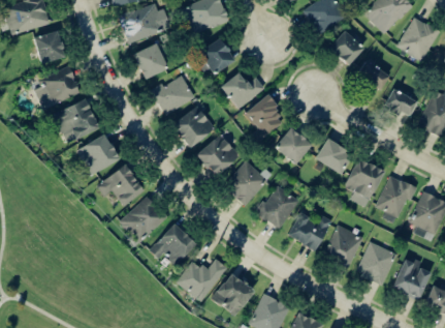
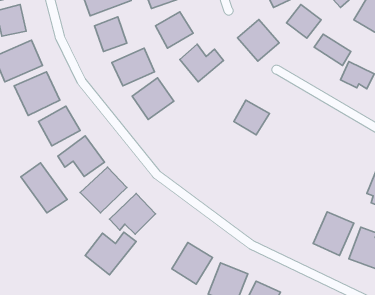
building: [244,96,286,139] -> [238,20,279,61]
building: [197,133,241,177] -> none
building: [315,139,353,174] -> none
building: [344,158,384,207] -> none
building: [225,160,267,204] -> none
building: [377,176,414,225] -> none
building: [257,185,300,230] -> none
building: none -> [21,163,67,213]
building: [288,213,332,250] -> none
building: [324,226,363,268] -> none
building: [177,259,228,302] -> [85,232,136,275]

